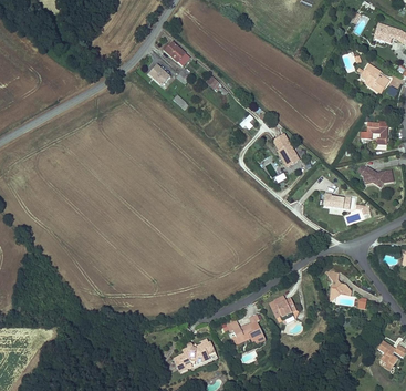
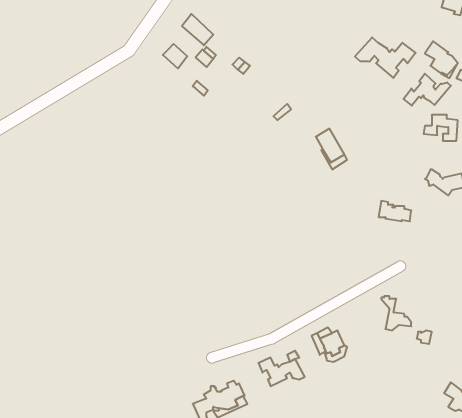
building: none -> [355,37,416,78]
building: none -> [403,74,451,106]

